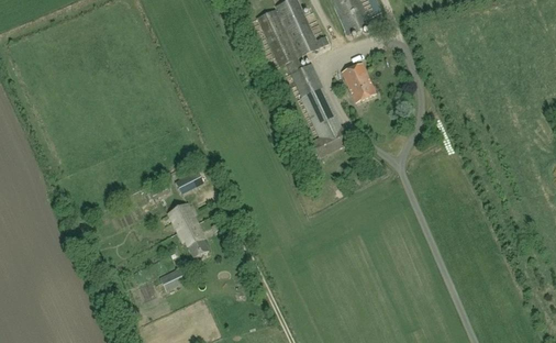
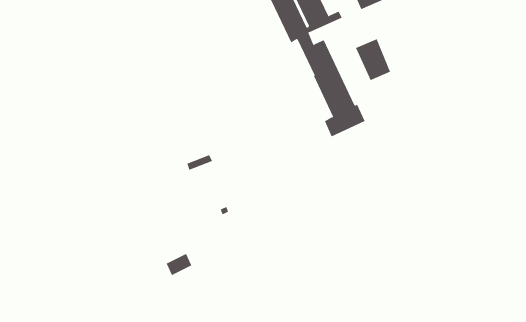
building: [167,203,208,257] -> none

